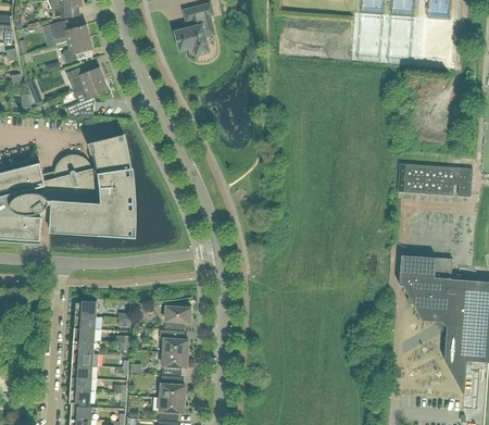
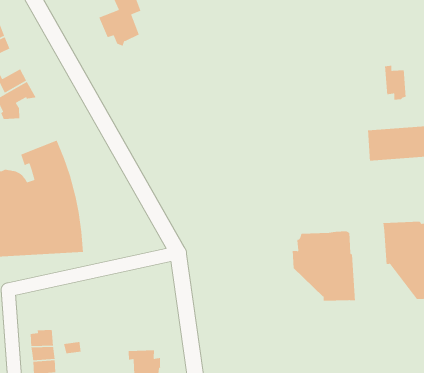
building: none -> [384,65,407,101]
building: none -> [292,231,356,302]
building: [165,307,192,330] -> none

